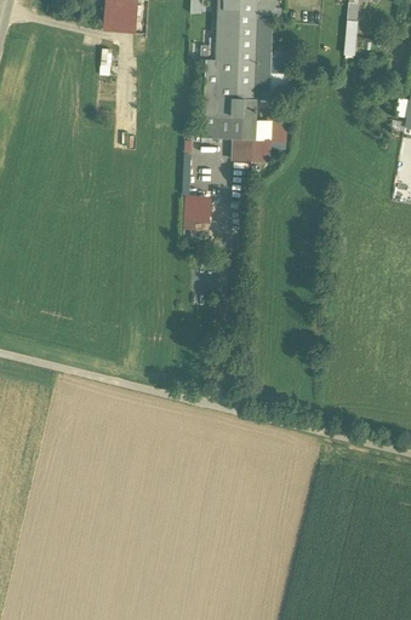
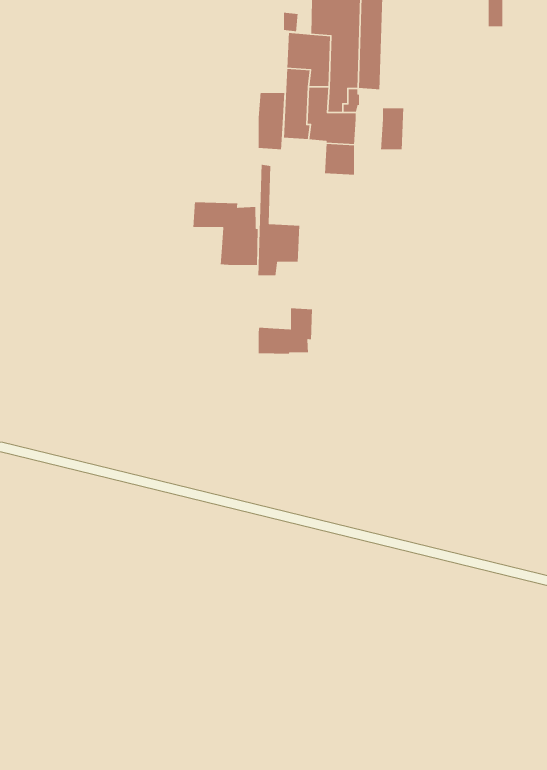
building: [252,120,272,161] -> [258,92,285,150]
building: none -> [192,201,258,266]
building: none -> [258,307,313,355]

